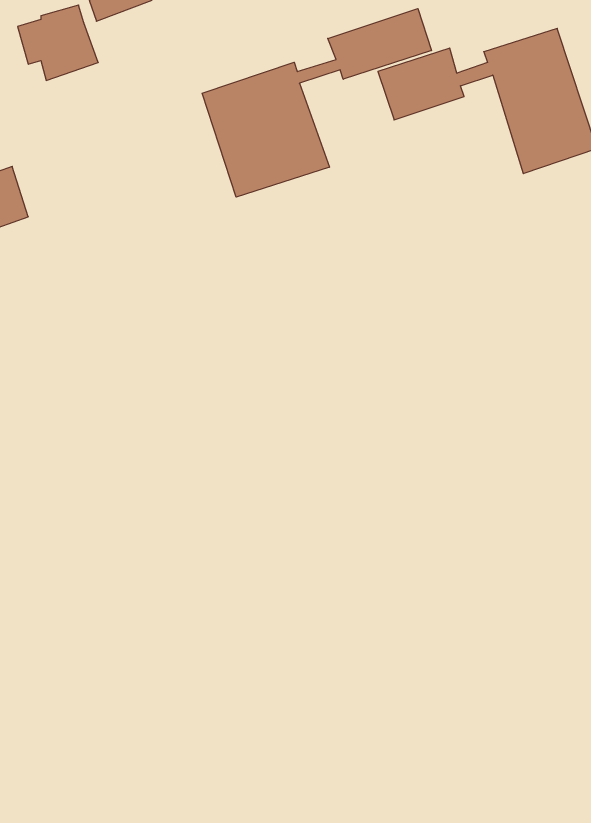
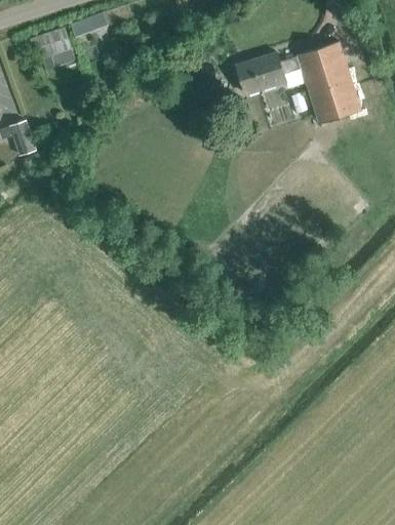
building: [202,9,431,197] -> none

